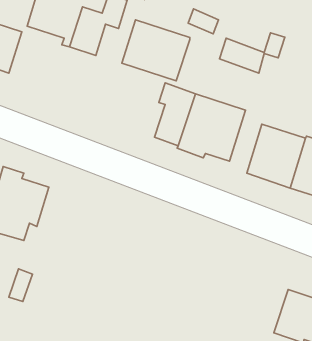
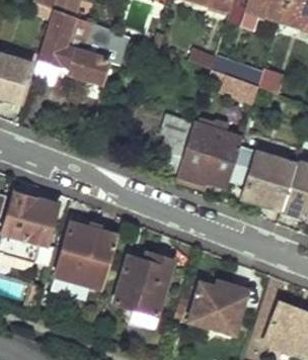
building: [122,20,190,81] -> none
building: none -> [49,223,115,302]
building: none -> [113,249,172,332]
building: none -> [189,279,246,335]

